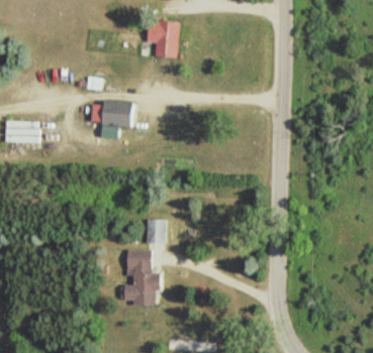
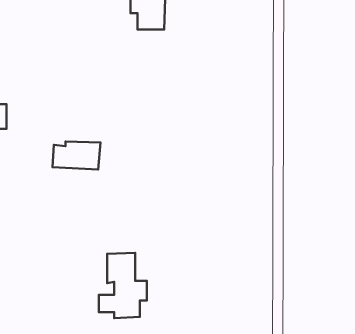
building: [92,101,133,125] -> [53,141,100,169]
building: [146,219,165,243] -> none

